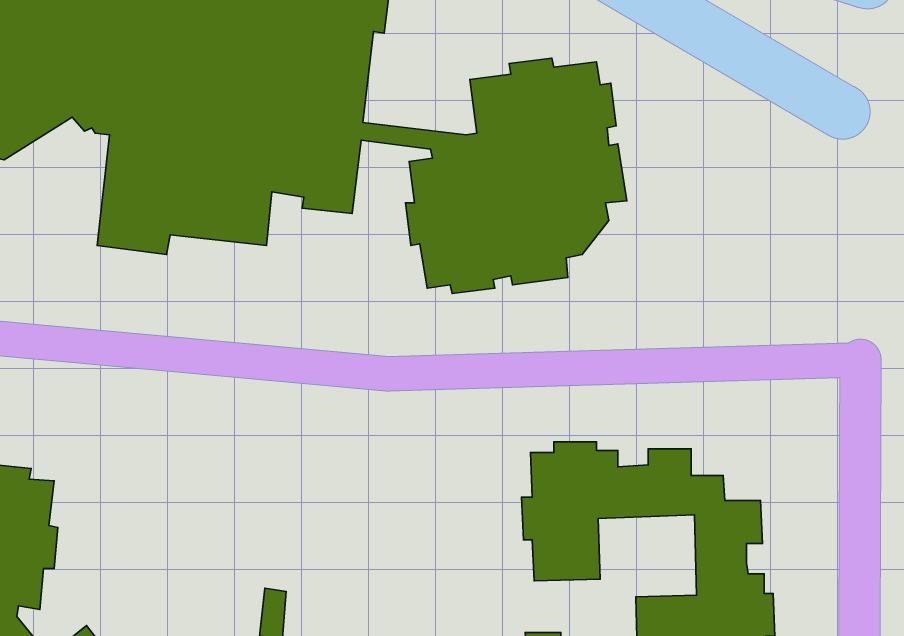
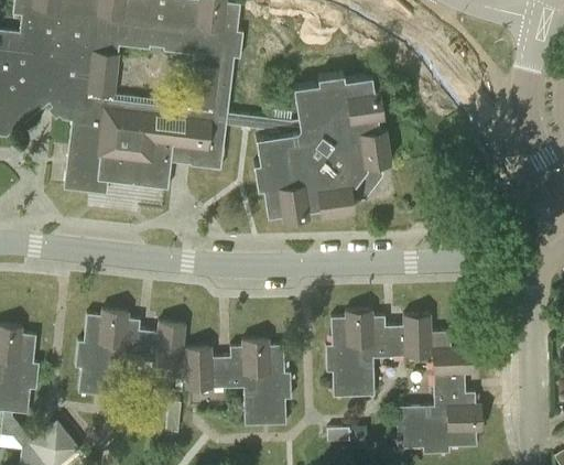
building: none -> [74,310,291,425]

